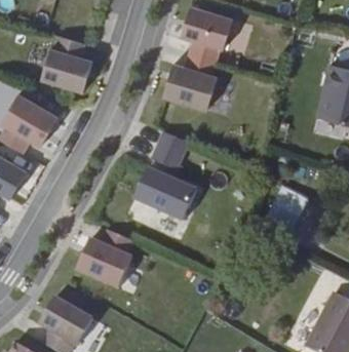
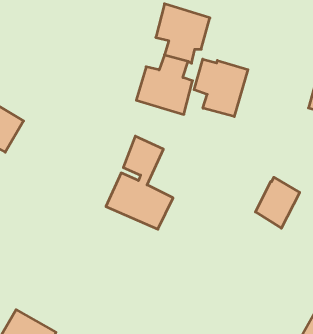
building: [38,38,89,94] -> none
building: none -> [194,59,248,117]
building: [75,234,132,291] -> none

